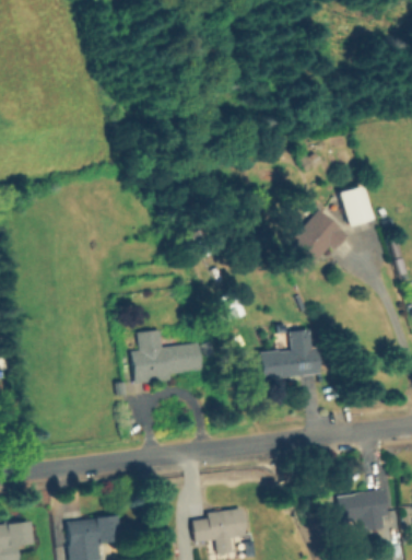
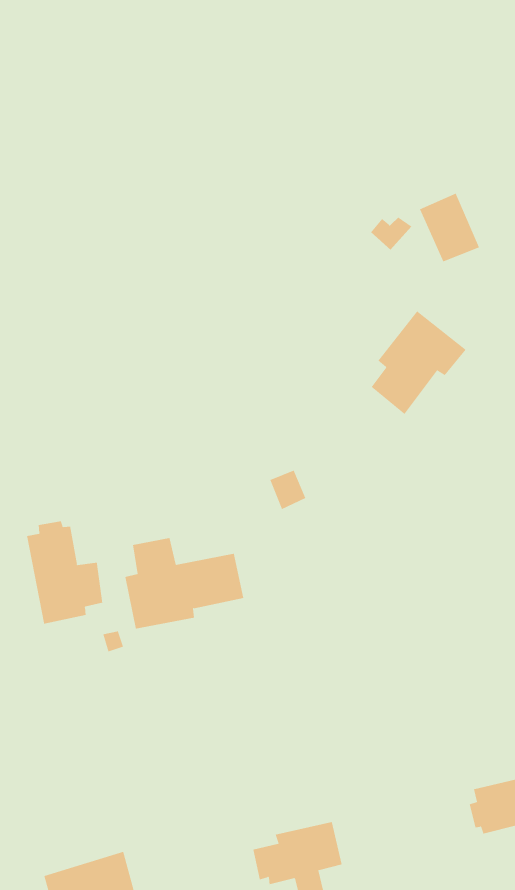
building: [341,185,375,225] -> [419,193,480,262]
building: none -> [26,521,103,624]
building: [257,328,321,381] -> none

